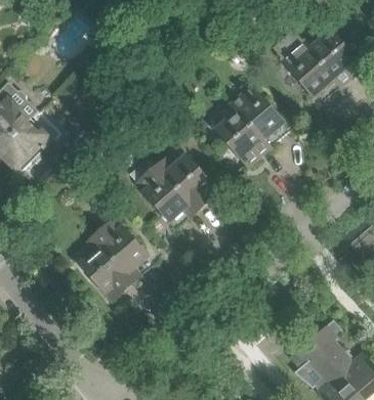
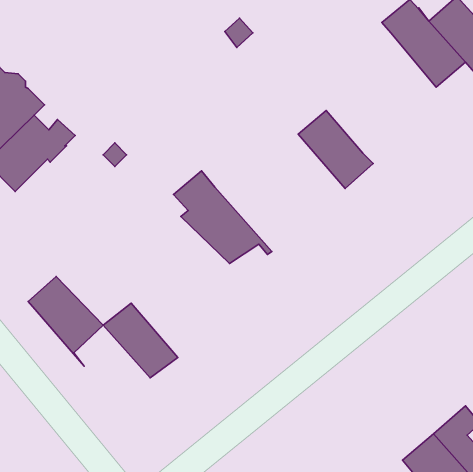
building: [231,87,283,150] -> none
building: [159,159,217,212] -> none
building: [94,223,147,285] -> [28,277,103,366]

